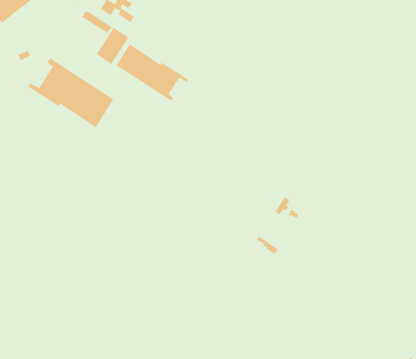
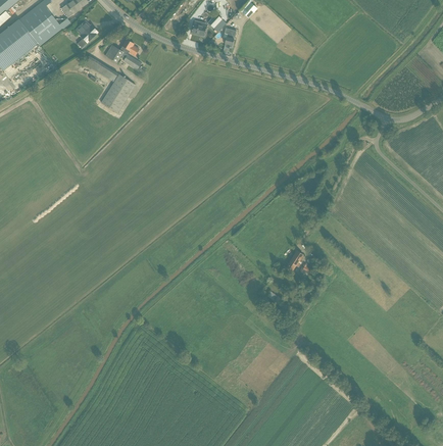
building: [115,43,189,102] -> none
building: [27,57,114,128] -> none

